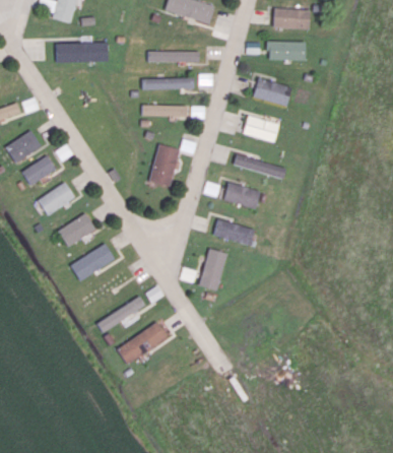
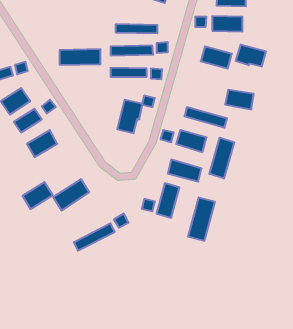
building: [57,43,108,62] -> [60,49,101,65]
building: none -> [236,44,266,67]
building: [243,117,278,141] -> [225,90,254,109]
building: none -> [209,138,234,179]
building: [58,213,95,247] -> [22,182,53,209]
building: none -> [188,197,215,241]
building: [117,321,168,365] -> none

